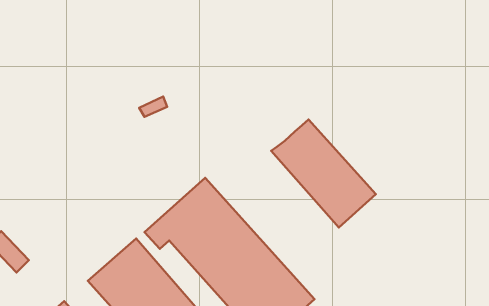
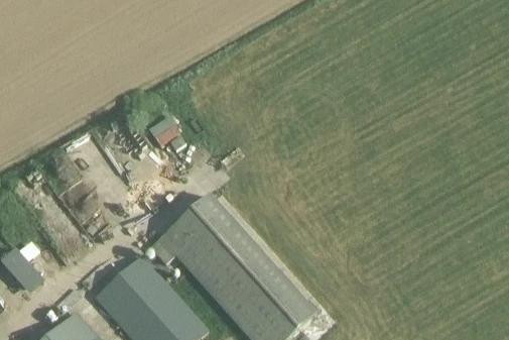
building: [271,119,376,227] -> none

